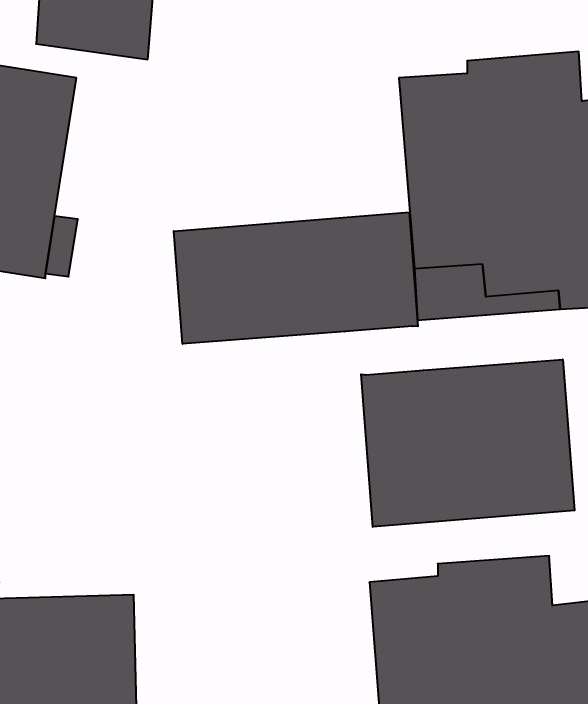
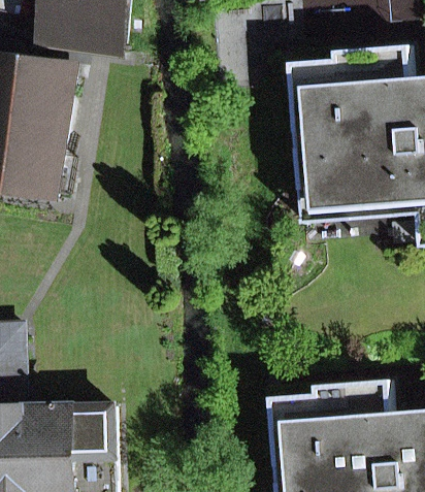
building: [174,212,418,344] -> none
building: [361,359,575,527] -> none

